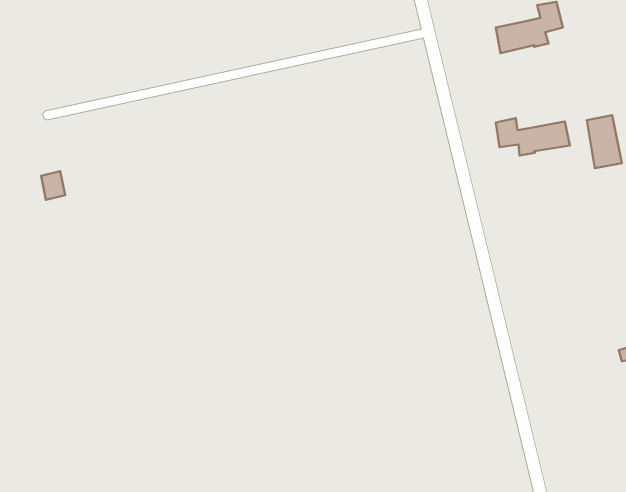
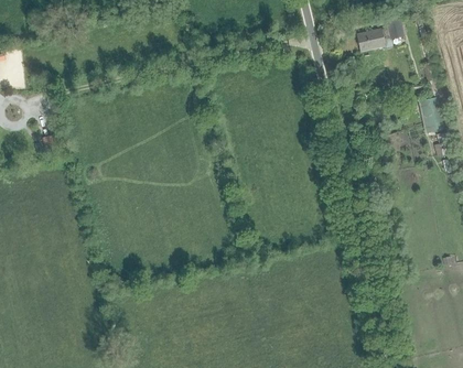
building: [496,118,570,155] -> none

